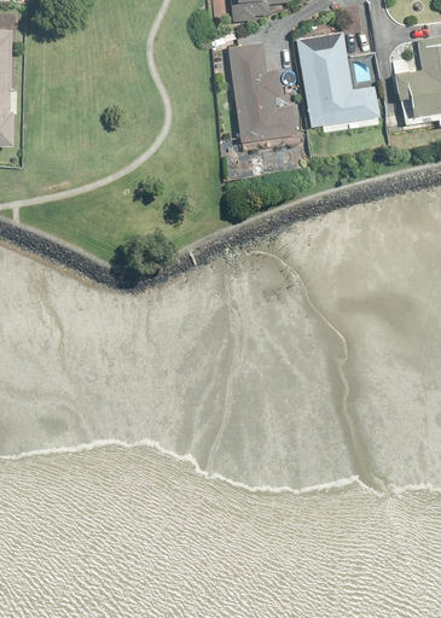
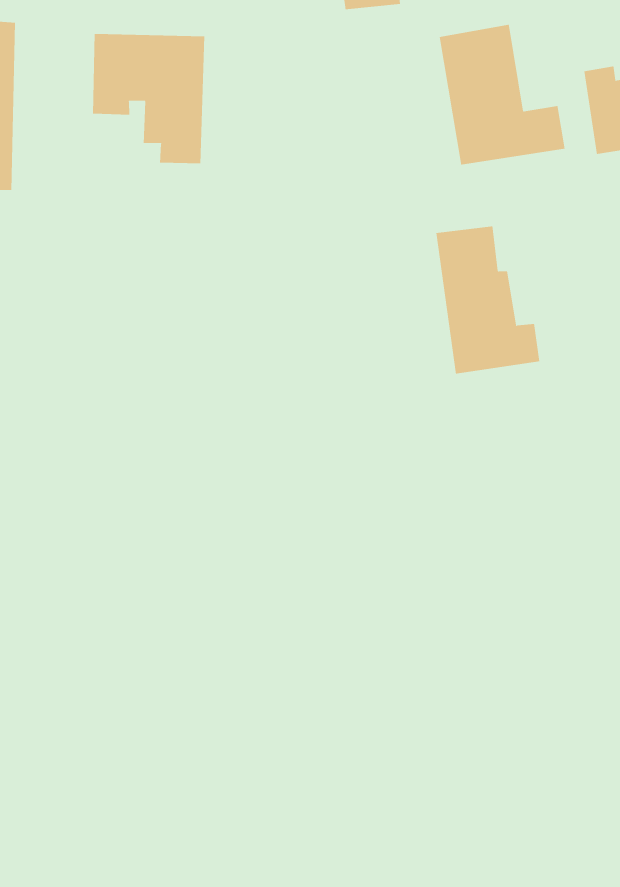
building: none -> [93,33,205,164]
building: [228,43,298,142] -> [435,226,540,374]

